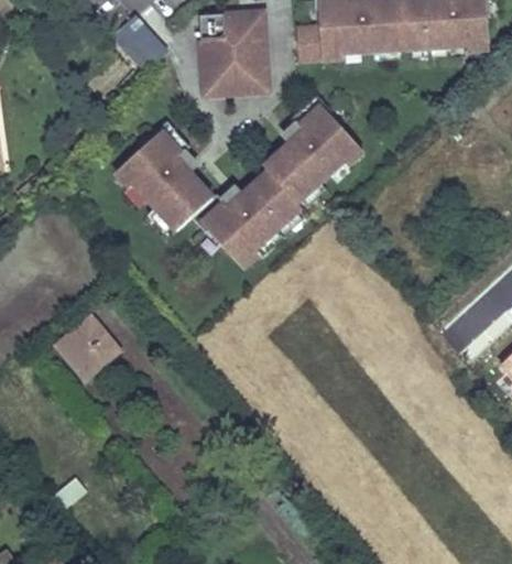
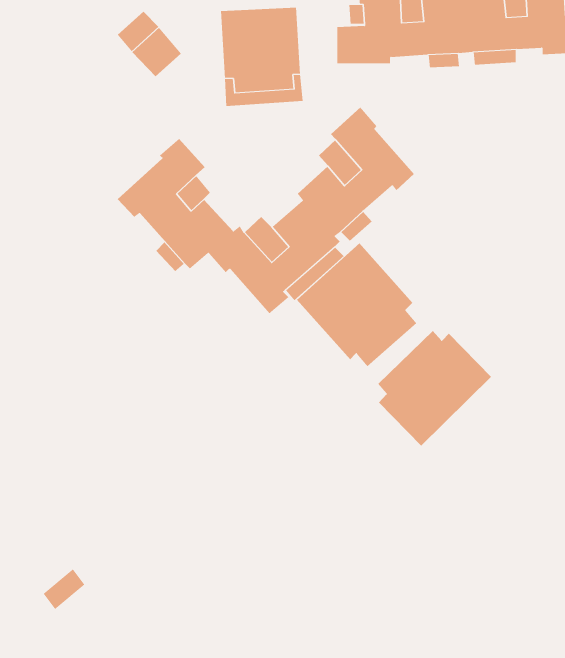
building: none -> [296,243,417,367]
building: none -> [377,330,492,447]
building: [56,314,124,382] -> none

